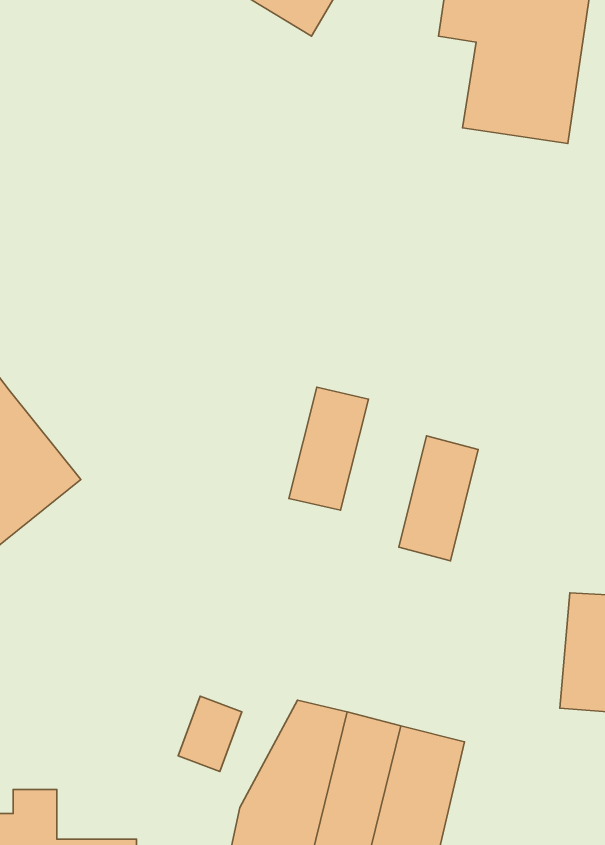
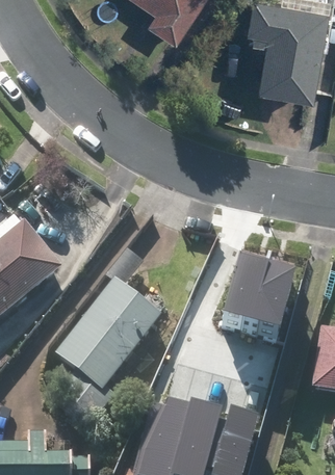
building: [289,387,368,510] -> [253,253,294,317]
building: none -> [52,278,161,418]

